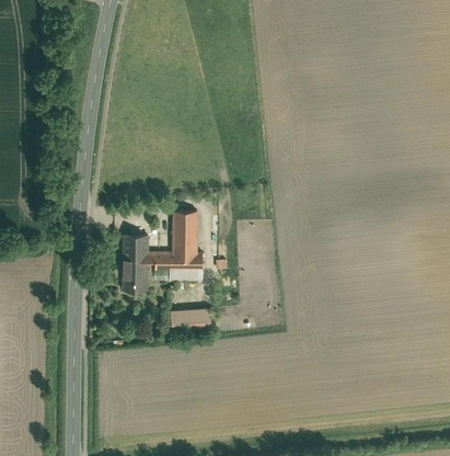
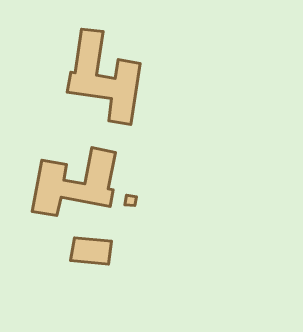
building: none -> [67,29,140,125]

